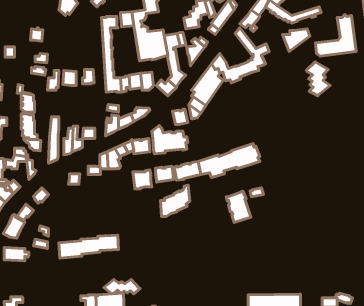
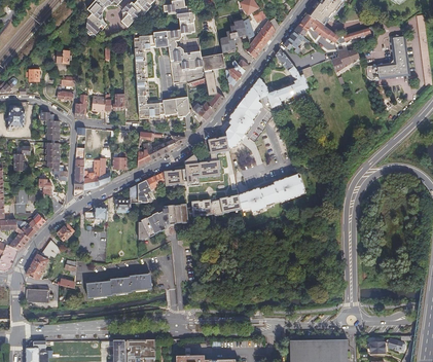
building: [307,62,330,96] -> none
building: [161,185,190,216] -> [136,206,168,240]
building: [226,191,251,223] -> none
building: [104,279,140,294] -> none

